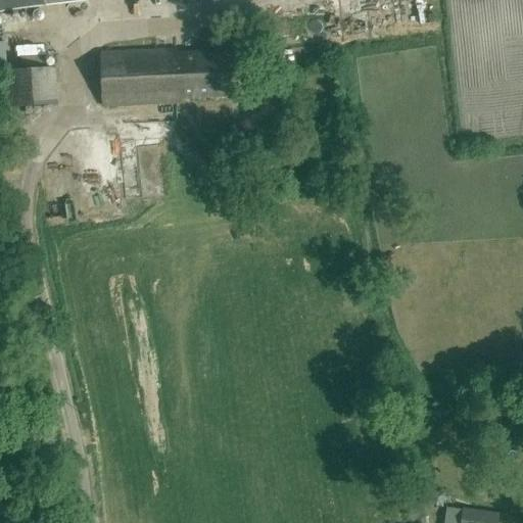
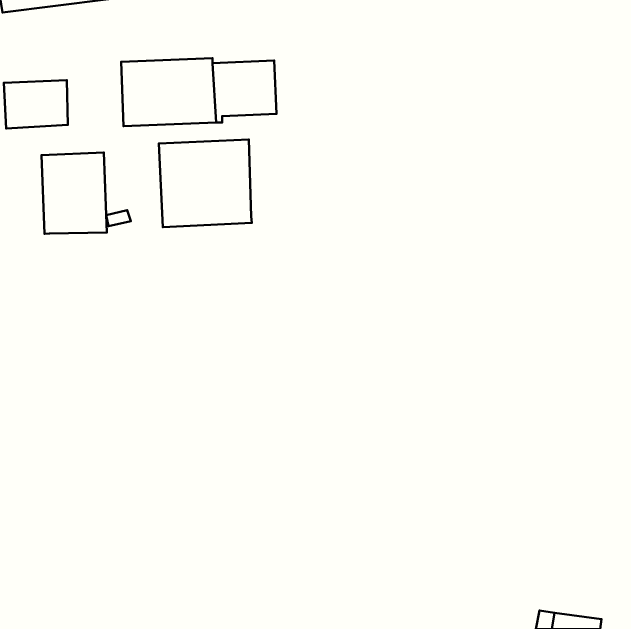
building: none -> [159,139,252,227]
building: none -> [42,153,107,234]

